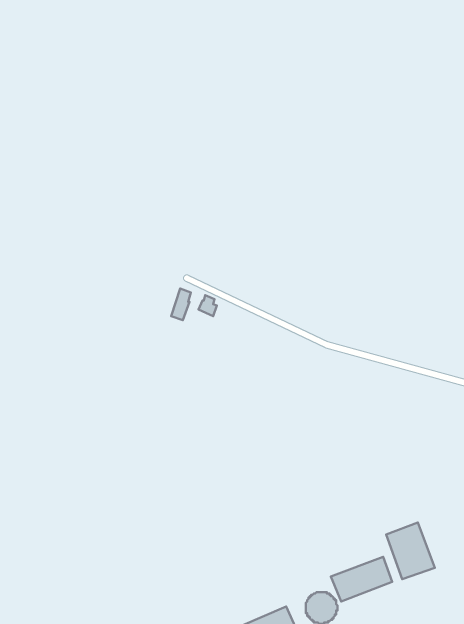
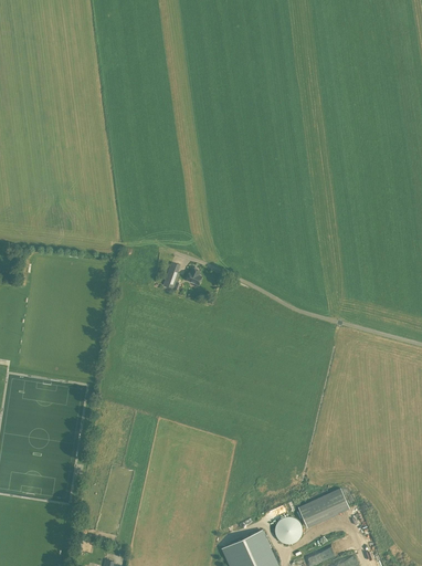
building: [386,523,435,579] -> none

